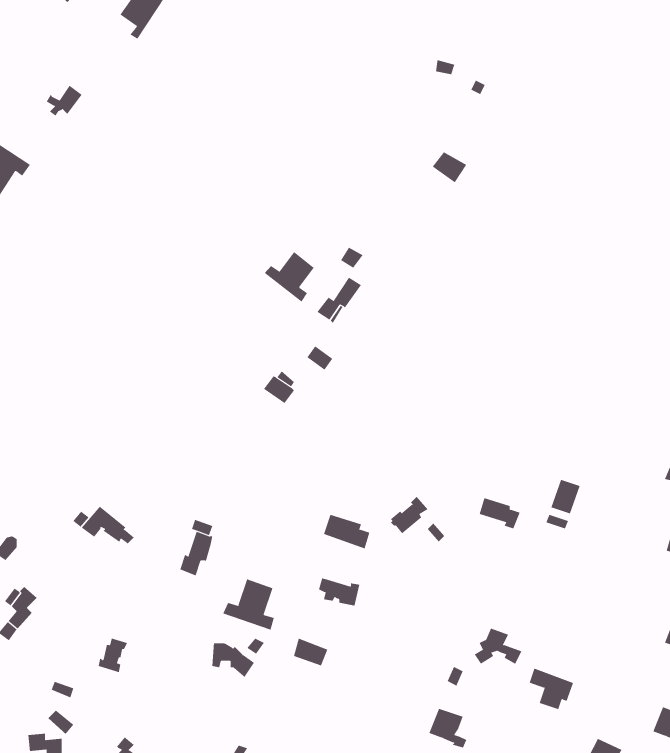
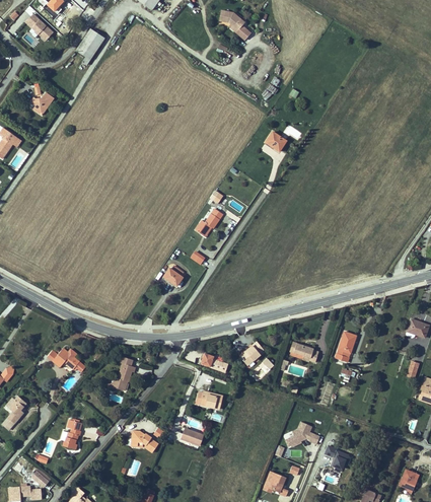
building: [264,251,315,302] -> none
building: [223,578,275,631] -> none

